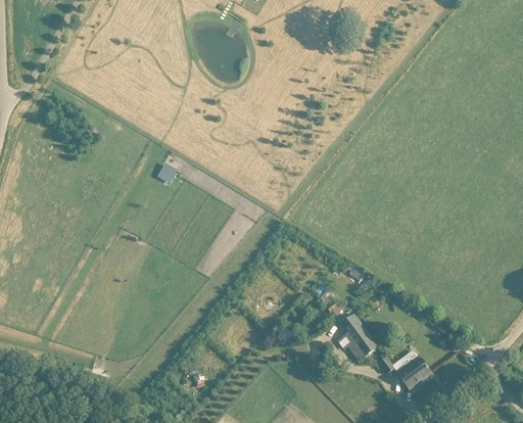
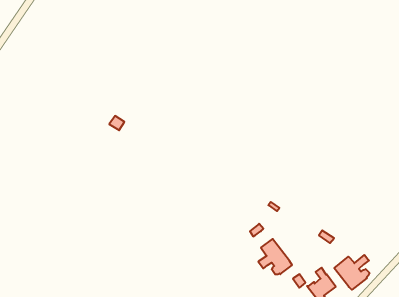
building: none -> [334,255,369,290]

